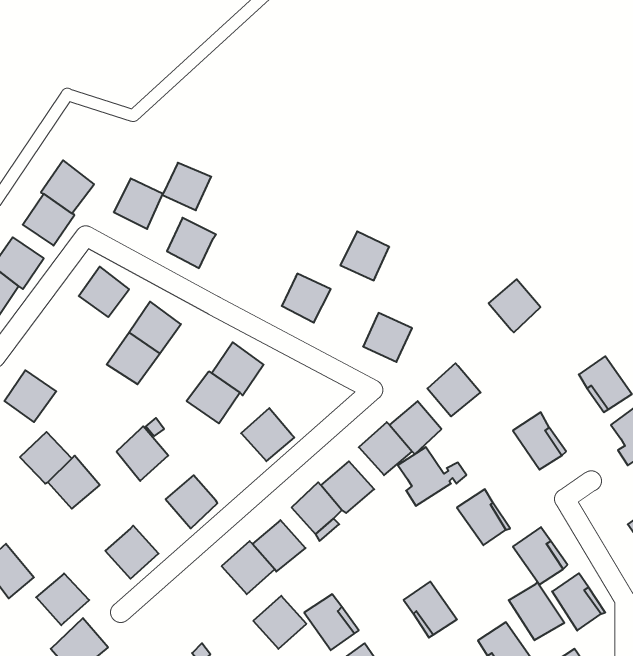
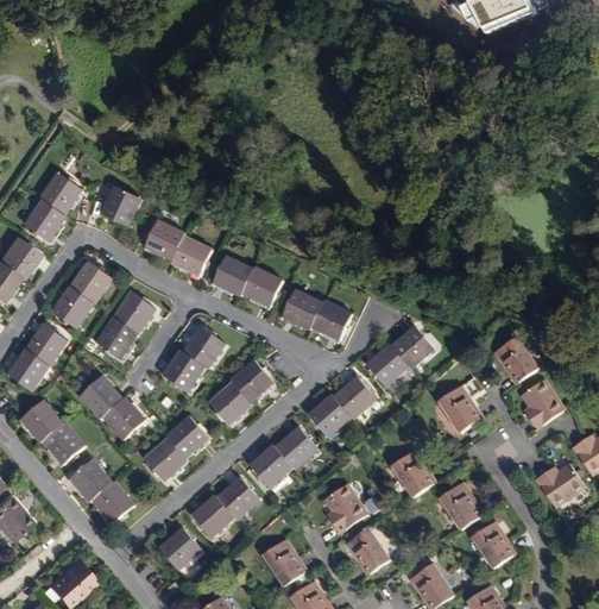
building: [162,163,211,210] -> [170,237,212,277]
building: [340,231,389,280] -> [280,289,322,331]
building: none -> [212,256,253,297]
building: [489,279,540,332] -> [391,325,435,370]
building: none -> [50,285,94,331]
building: none -> [24,324,68,366]
building: none -> [229,358,273,403]
building: none -> [77,376,121,420]
building: [398,447,466,506] -> [322,484,380,534]
building: none -> [164,414,209,459]
building: [36,573,89,625] -> [68,460,113,504]
building: [509,582,564,640] -> none
building: [253,596,306,649] -> [157,526,202,571]

